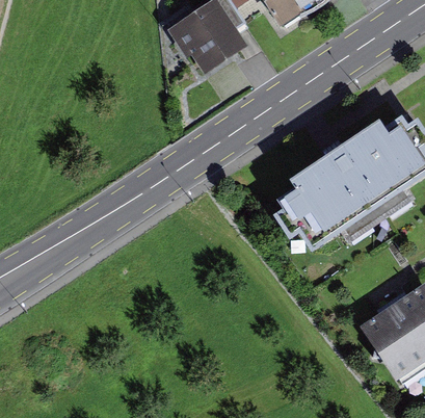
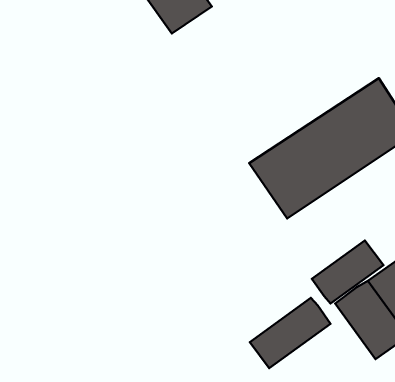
building: none -> [312,241,384,304]
building: none -> [250,298,330,368]

